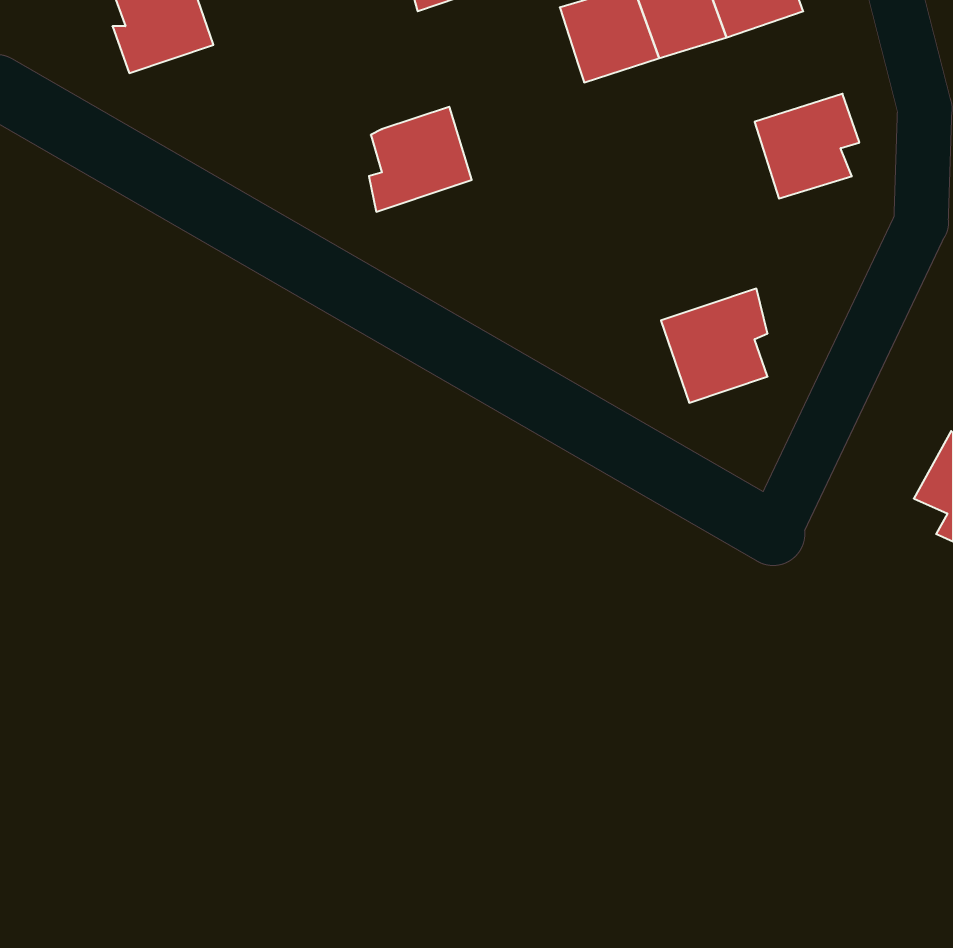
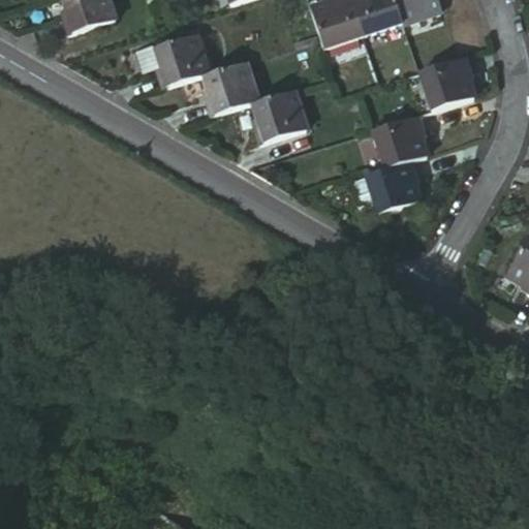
building: none -> [153,33,211,89]
building: none -> [250,89,306,147]
building: none -> [376,113,430,168]

